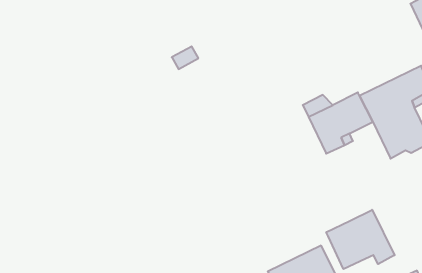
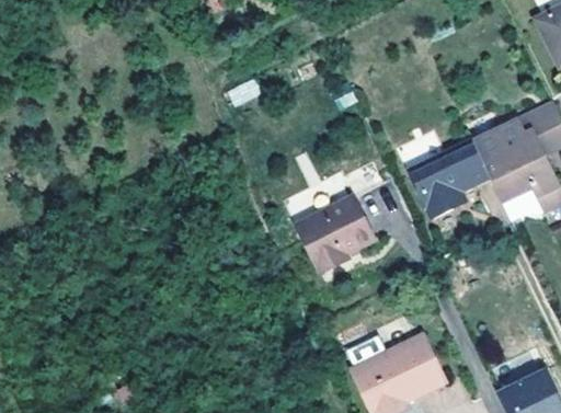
building: none -> [297,194,375,271]
building: [326,210,395,269] -> none

